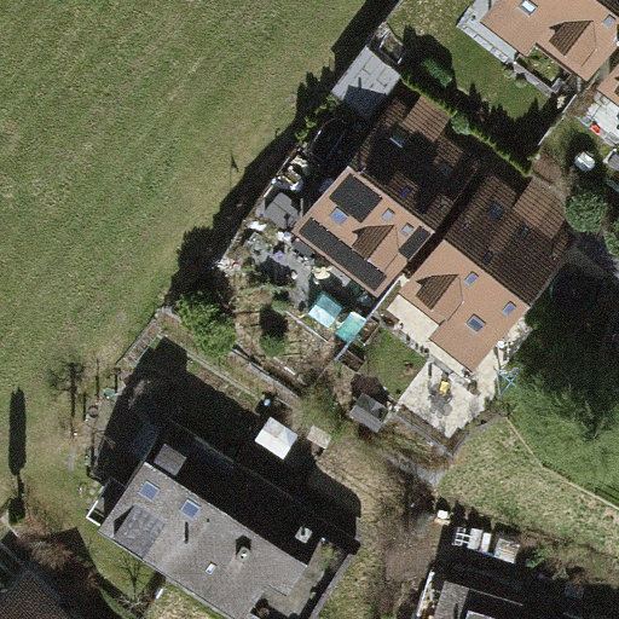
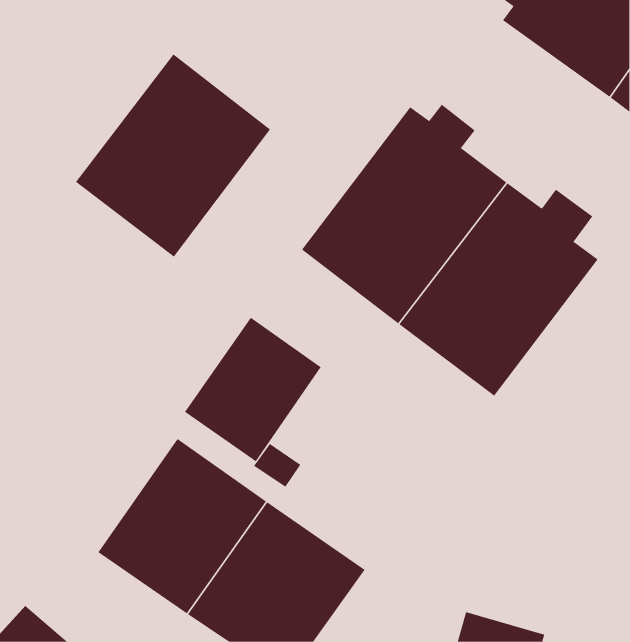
building: none -> [75,53,271,257]
building: none -> [184,317,322,462]

